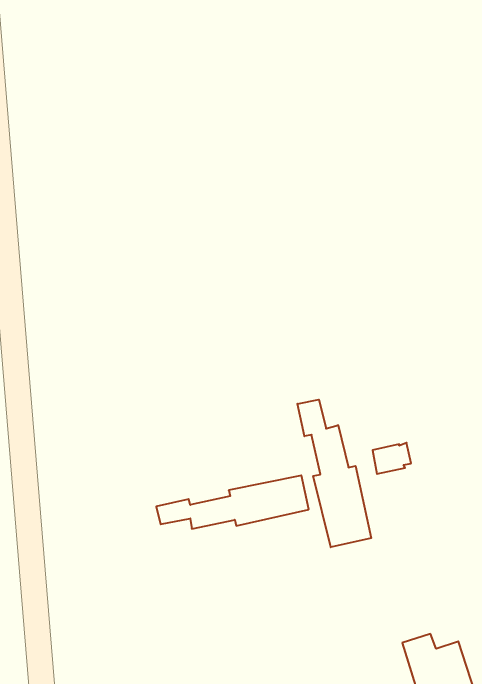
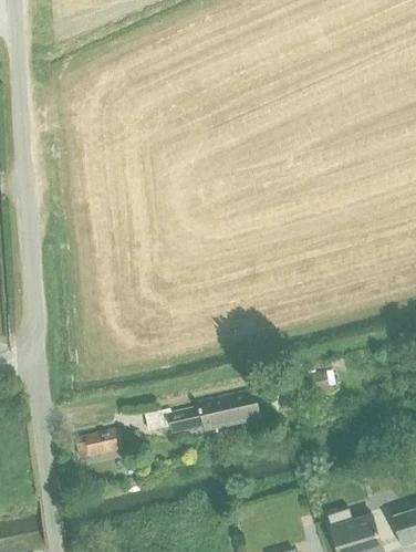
building: [297,400,371,547] -> none
building: none -> [75,426,122,457]

